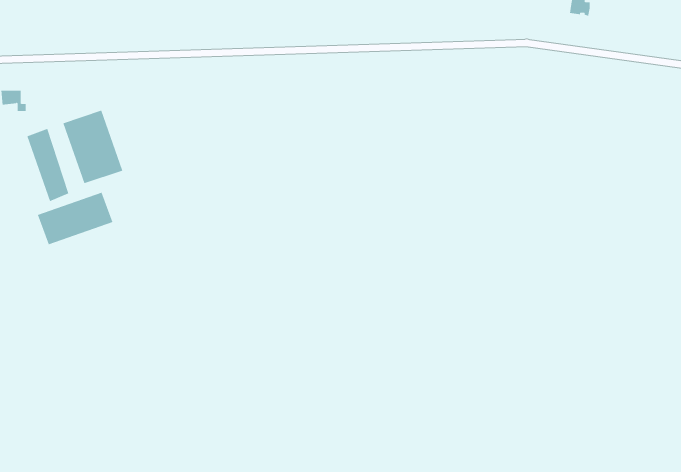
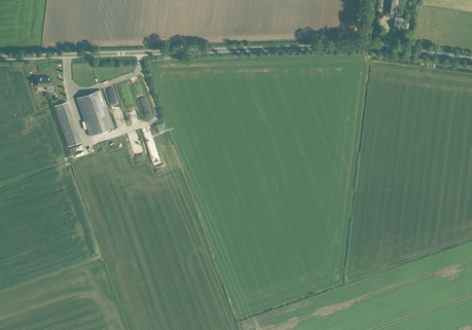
building: [37,192,113,245] -> none

